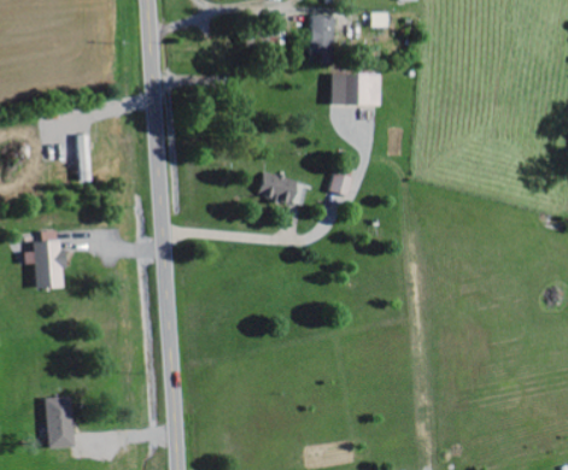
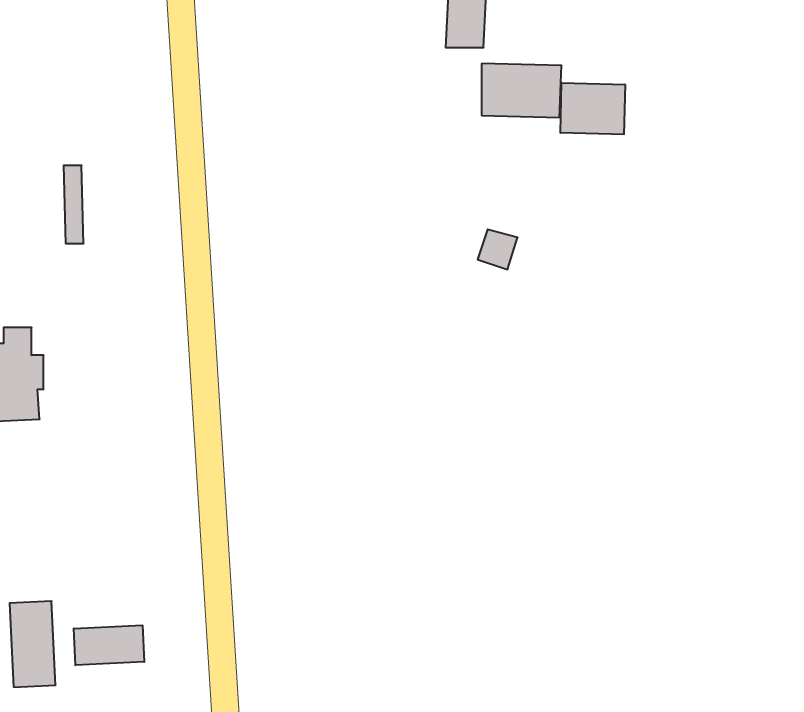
building: none -> [560,83,625,134]
building: [257,171,306,206] -> none
building: none -> [74,625,144,665]

